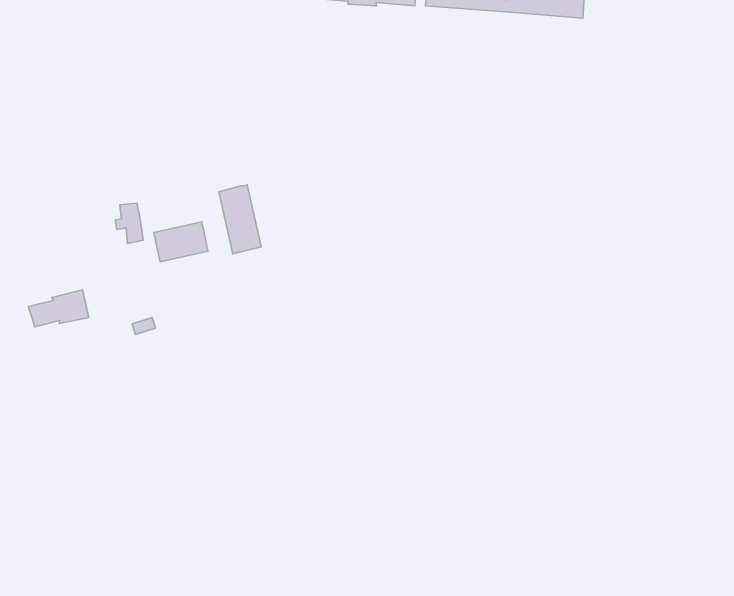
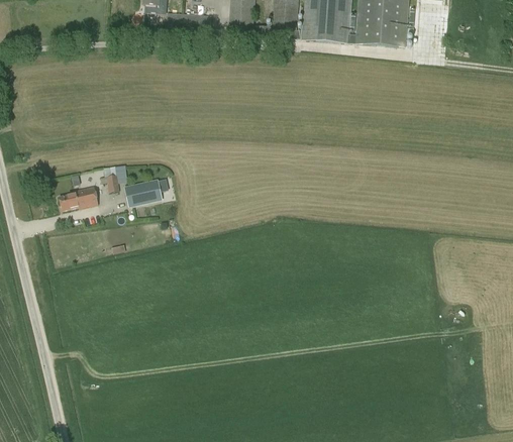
building: [219,185,261,254] -> none
building: [29,290,89,327] -> [59,186,98,210]

